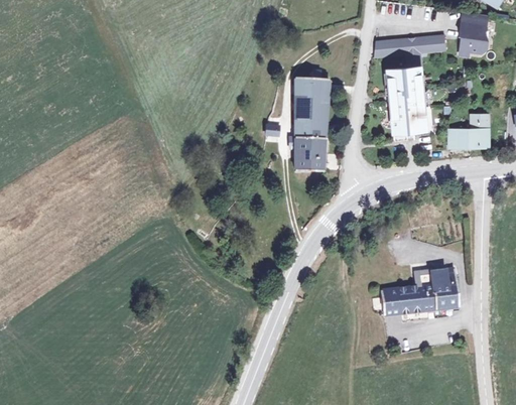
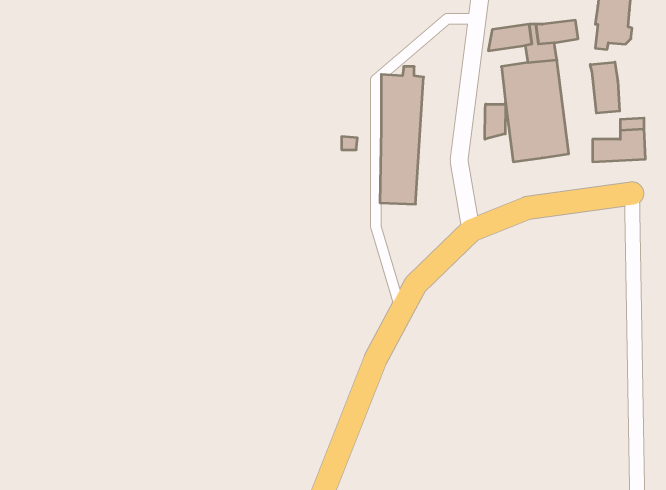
building: none -> [590,62,620,113]
building: none -> [485,104,506,139]
building: [384,269,463,317] -> none

